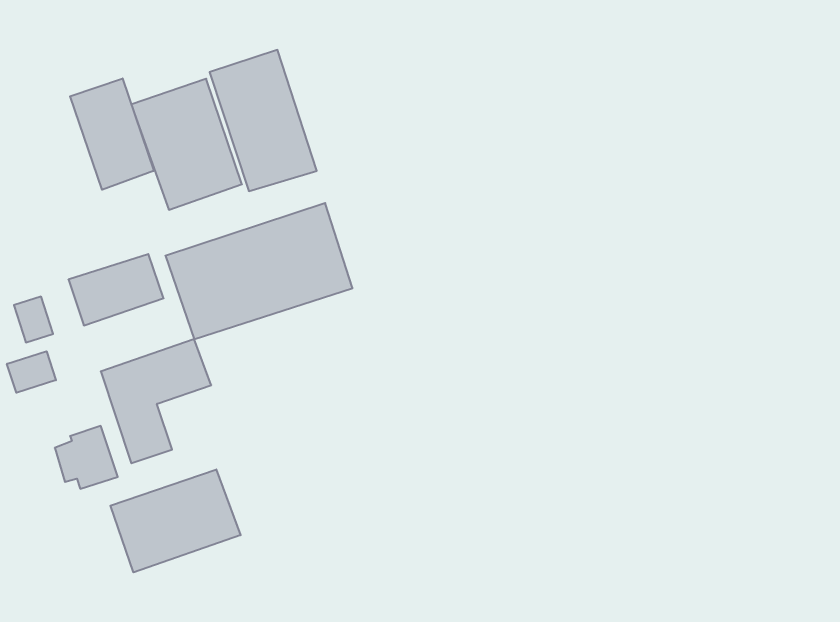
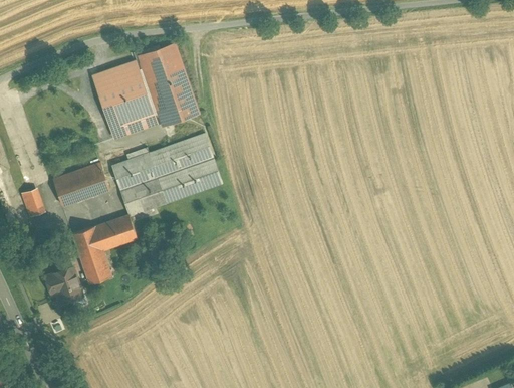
building: [70,78,154,190] -> none
building: [7,351,56,393] -> none
building: [110,469,241,572] -> none

